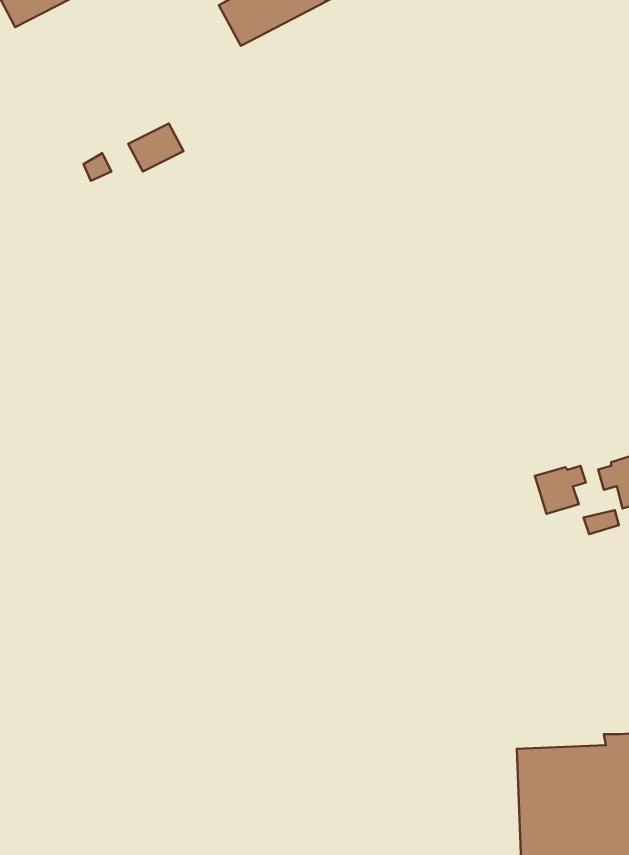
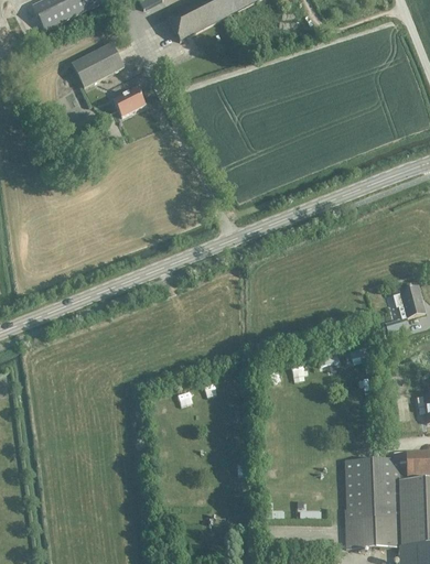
building: none -> [72,44,125,88]
building: [535,466,586,514] -> none

